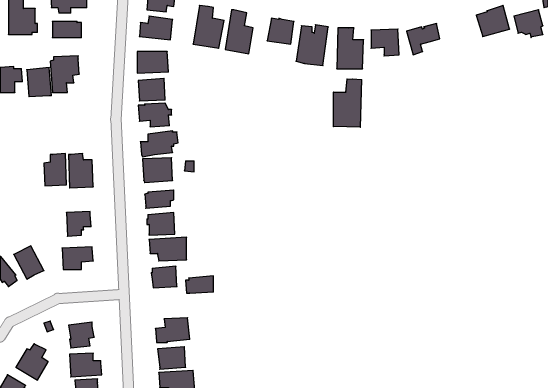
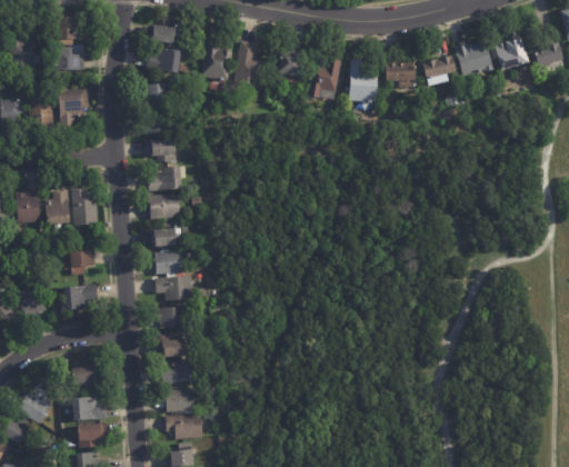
building: none -> [453,39,492,76]
building: [333,79,362,127] -> none
building: none -> [16,191,39,222]
building: [186,276,213,293] -> [159,338,188,356]

